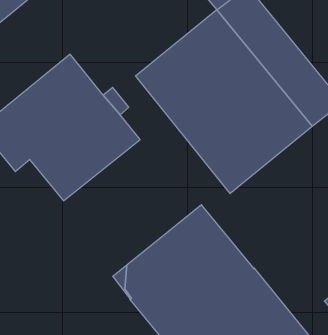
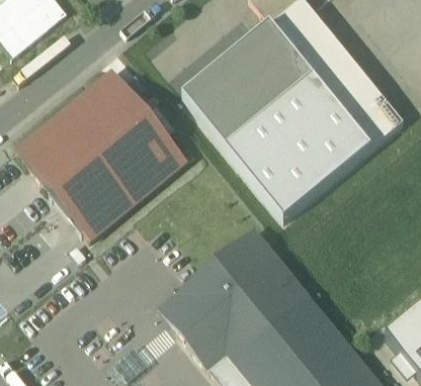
building: none -> [54,182,105,239]

